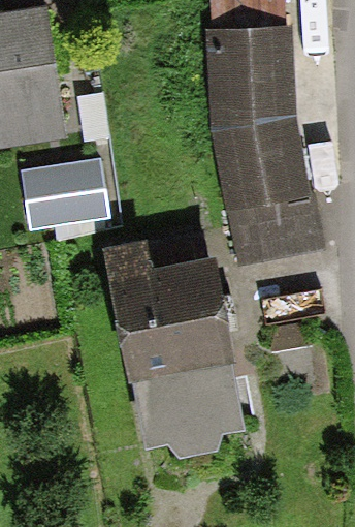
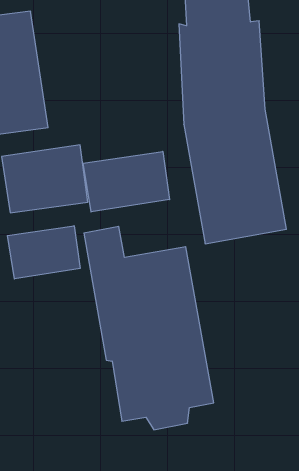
building: none -> [83,151,170,212]
building: none -> [7,226,80,279]

